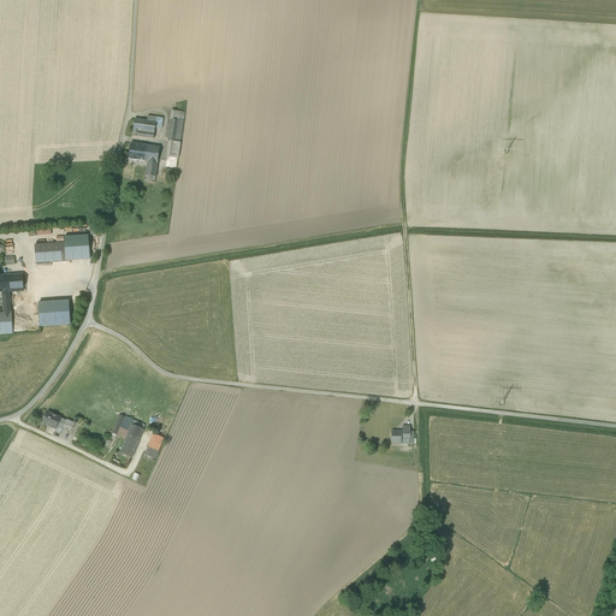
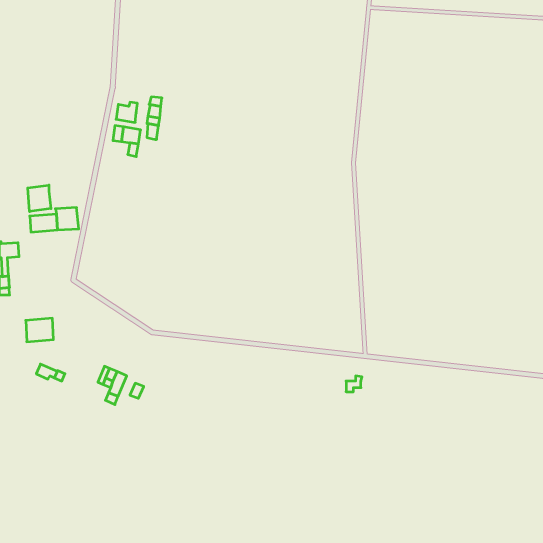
building: none -> [28,185,51,212]
building: [37,300,69,326] -> [26,318,53,342]

